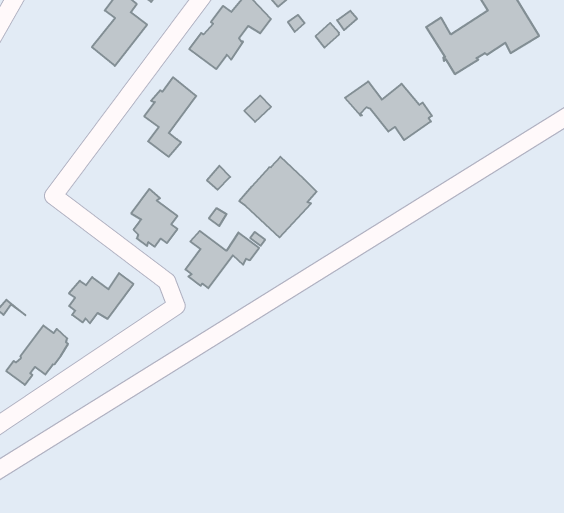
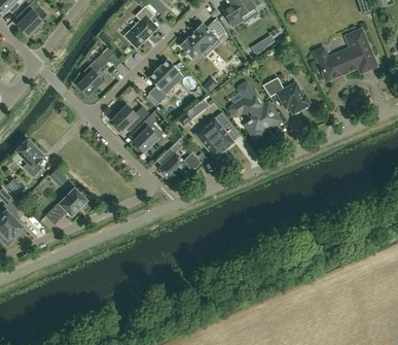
building: none -> [76,47,120,96]
building: none -> [229,82,282,139]
building: [69,273,133,323] -> [111,105,149,131]

